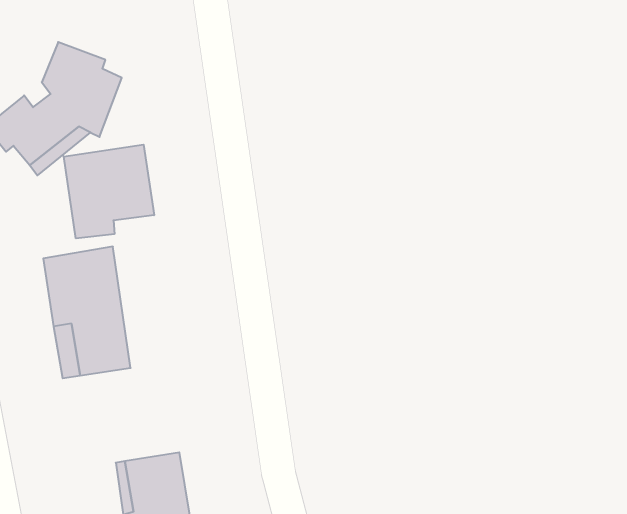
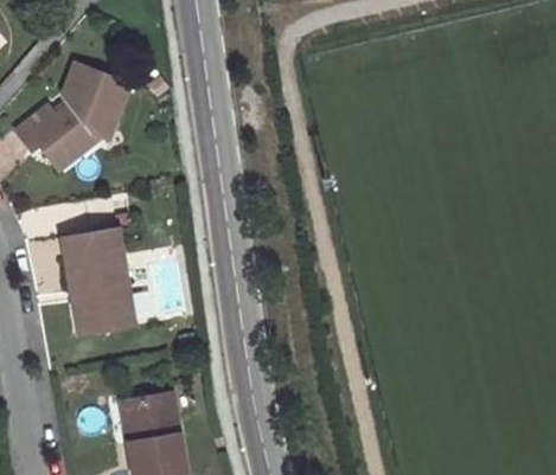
building: [64,145,154,238] -> none

